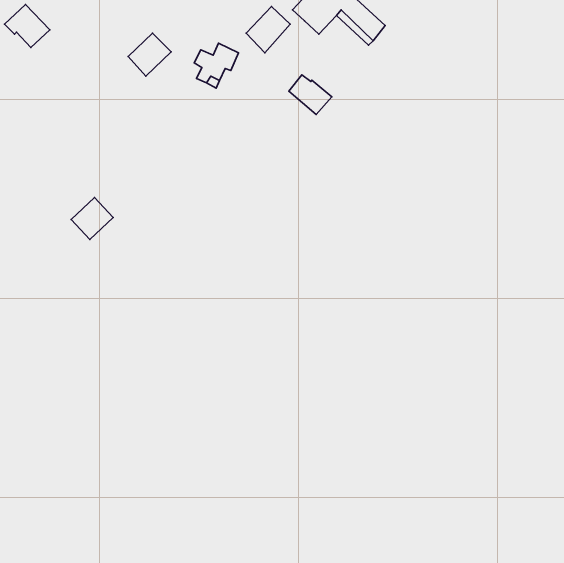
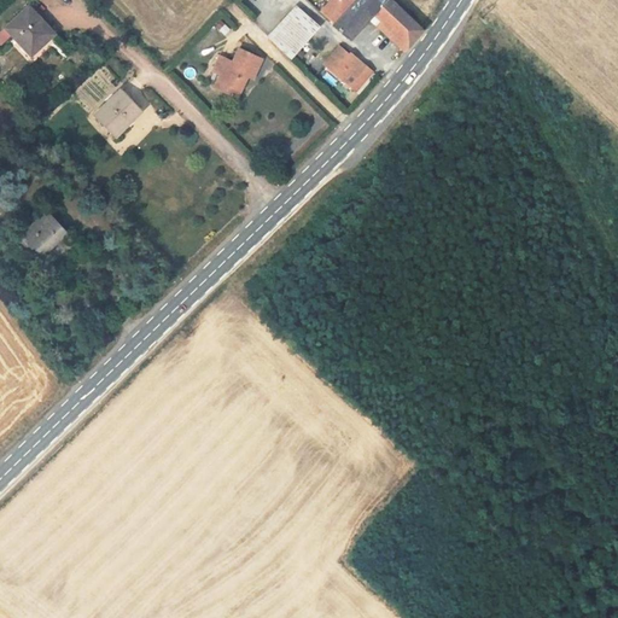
building: [128,33,171,76] -> [94,88,141,135]
building: [289,75,332,114] -> [325,46,372,89]
building: [71,198,113,239] -> [22,209,68,255]

